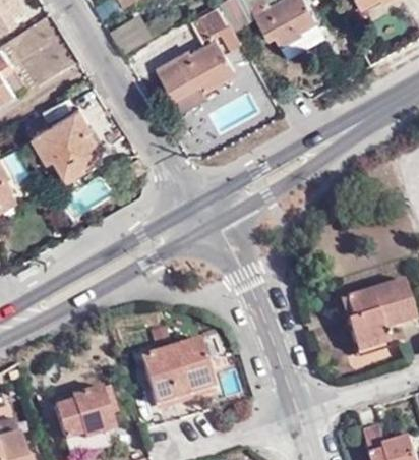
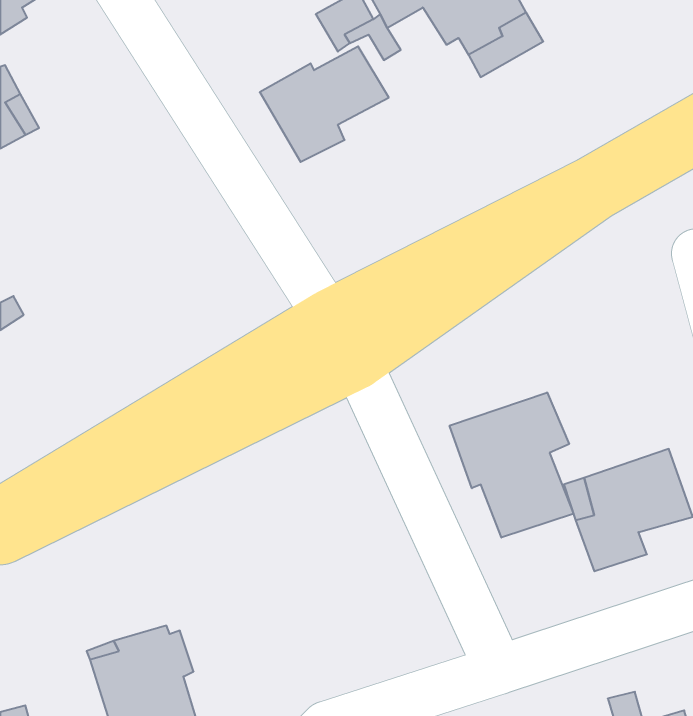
building: [24,109,95,177] -> none
building: none -> [450,392,573,538]
building: [139,340,215,407] -> none

